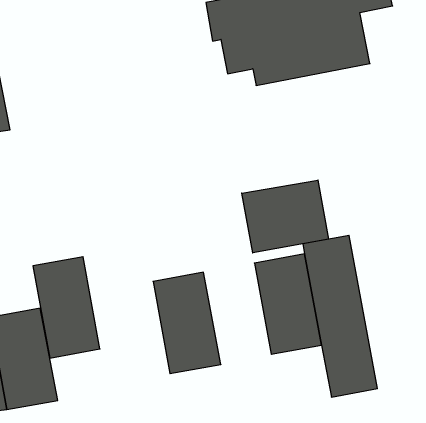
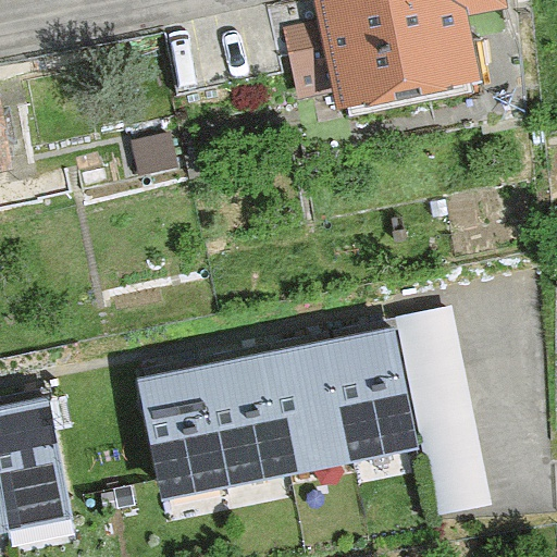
building: [242,180,329,253] -> none
building: [33,257,100,358] -> [134,366,221,497]
building: none -> [264,342,352,473]

